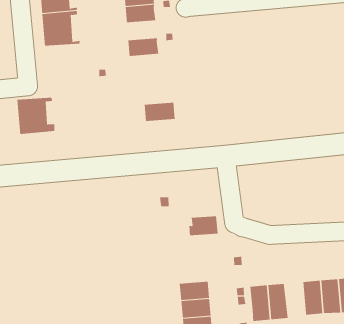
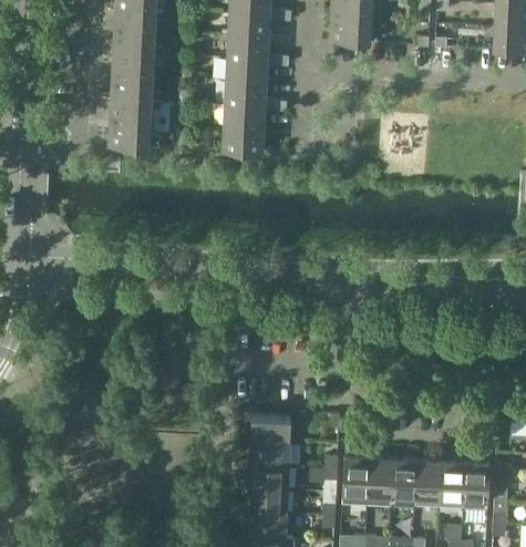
building: none -> [225,79,267,104]
building: [16,97,55,134] -> [110,95,161,145]
building: [144,102,175,121] -> [223,124,265,149]
building: [188,216,218,236] -> [250,414,291,441]
building: none -> [391,457,416,506]

